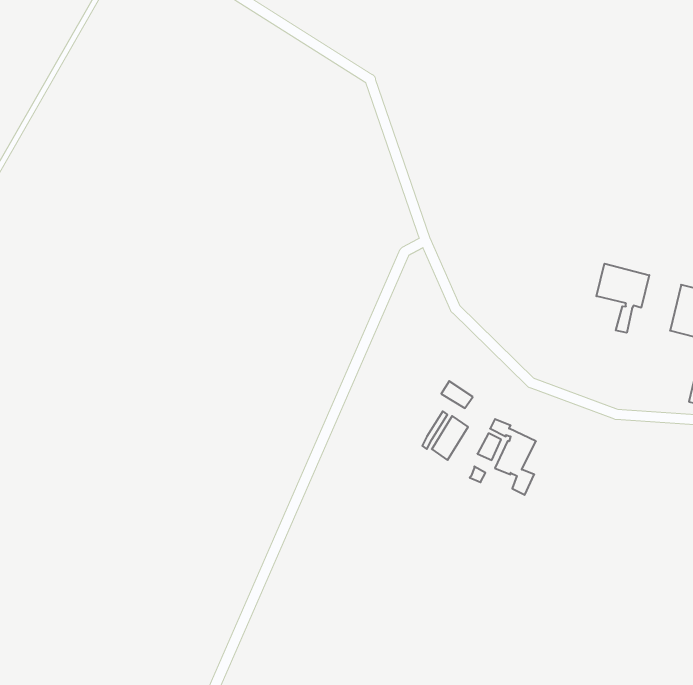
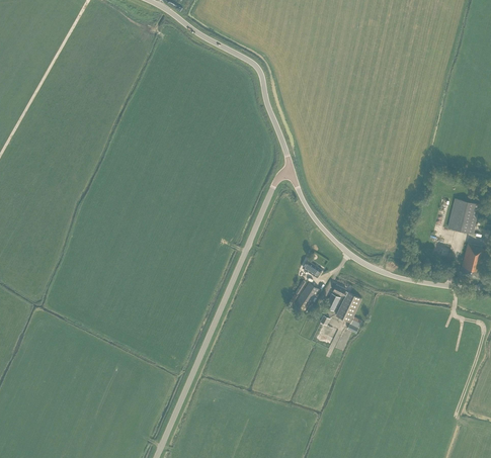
building: [596,264,649,333] -> none

